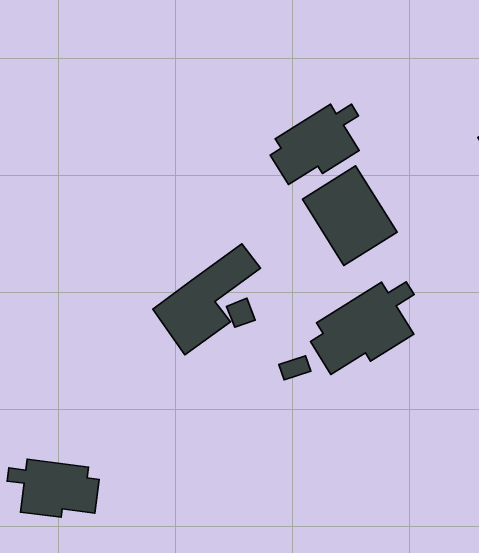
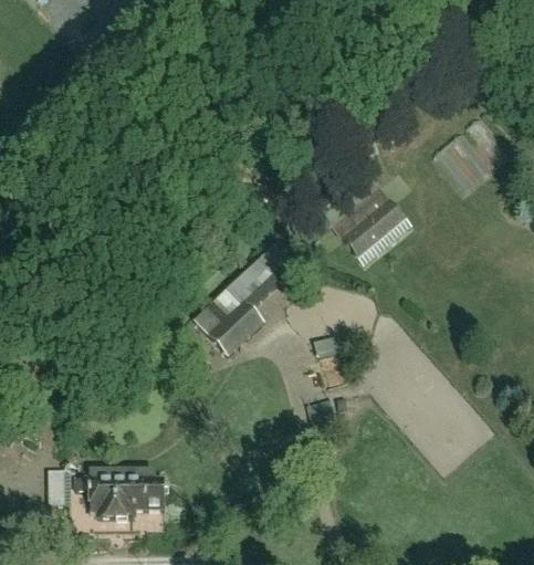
building: [270,104,359,184] -> none
building: [310,282,414,374] -> none

